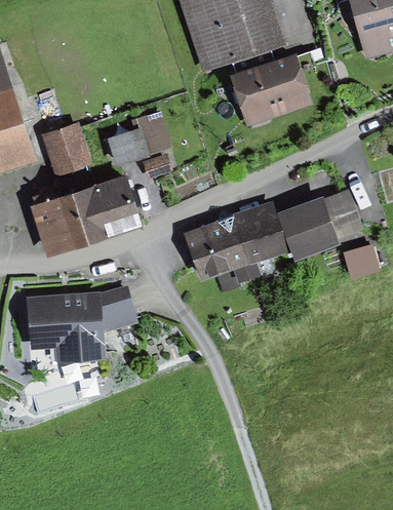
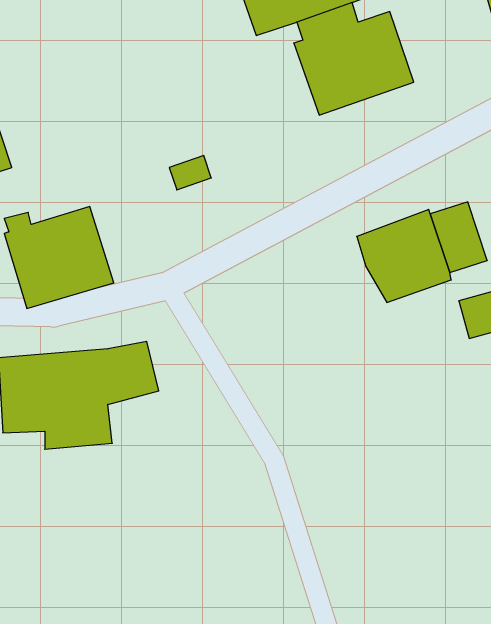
building: [107,111,172,168] -> none
building: [42,123,91,175] -> none
building: [90,178,142,241] -> none
building: [185,203,285,290] -> none

